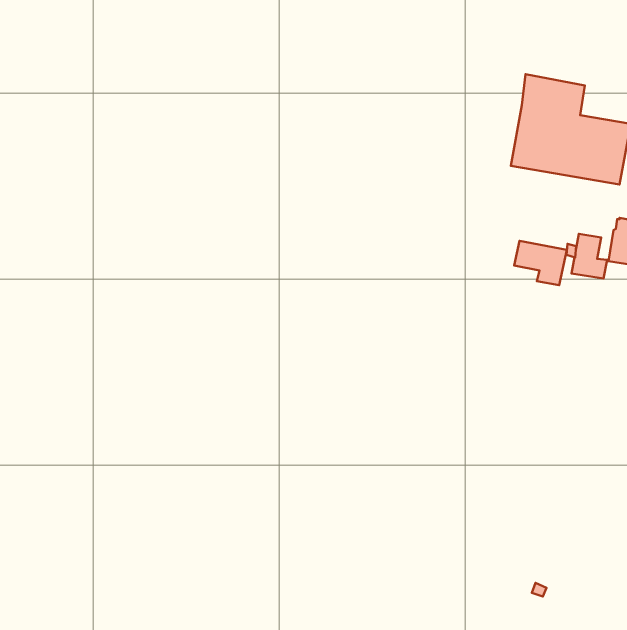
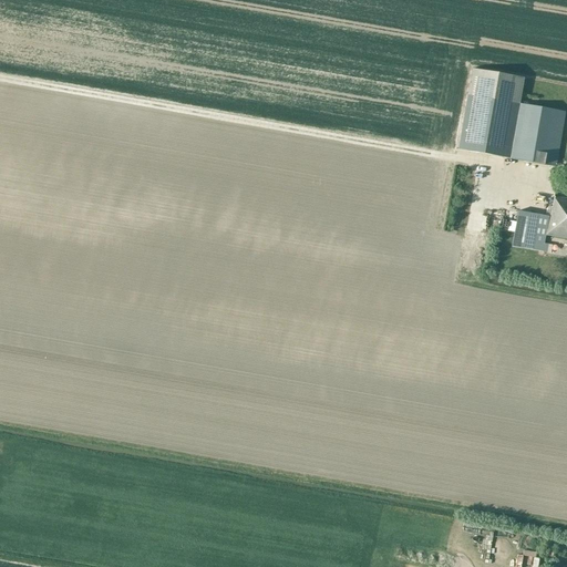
building: [514,241,567,285] -> none

